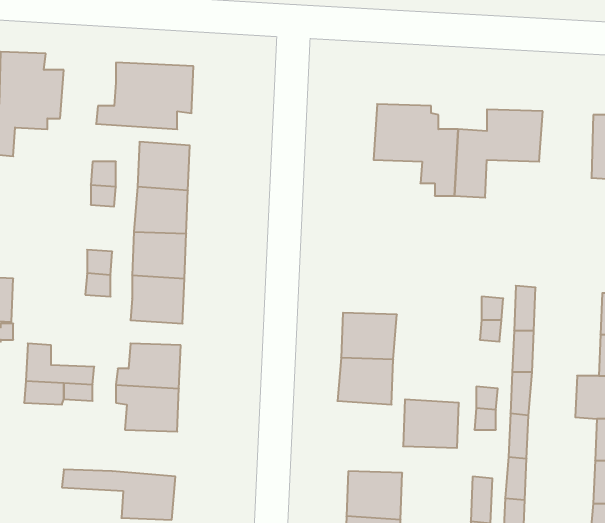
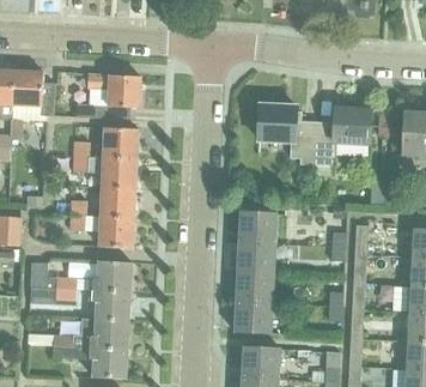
building: none -> [239,211,276,243]
building: [403,399,459,448] -> [235,301,272,333]
building: none -> [26,319,129,351]

